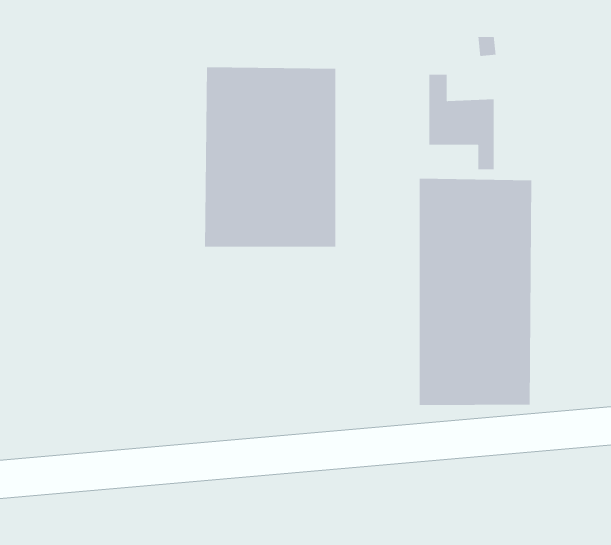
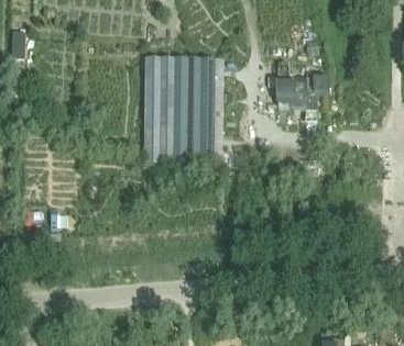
building: [419,178,532,406] -> none

